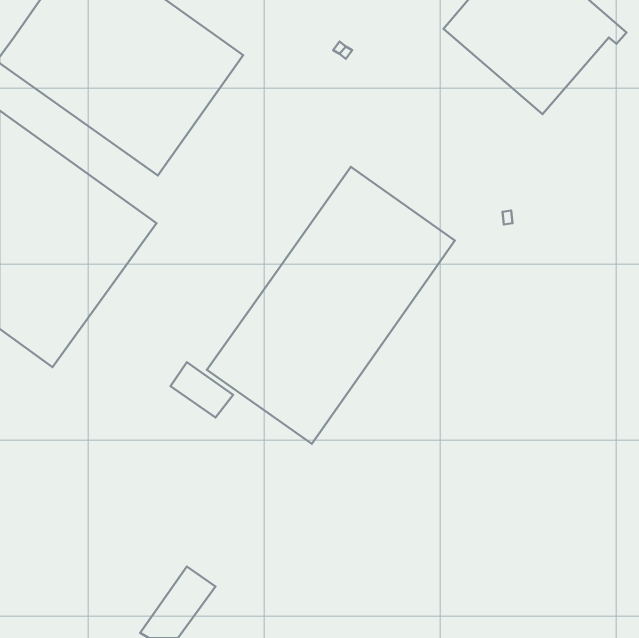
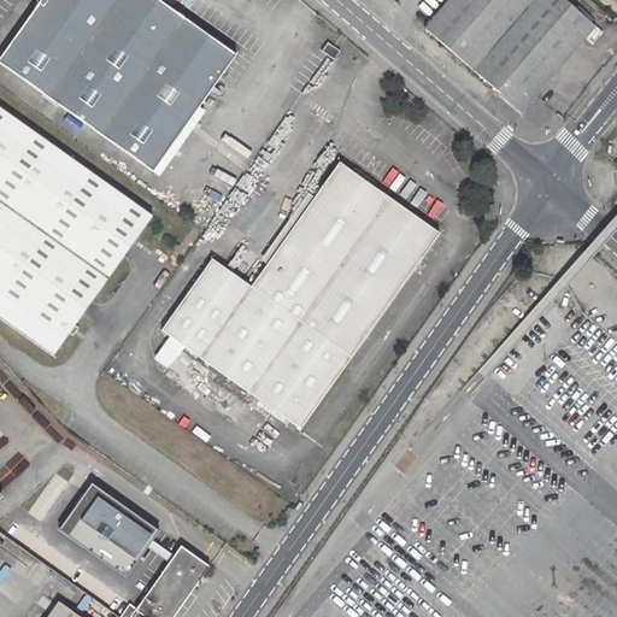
building: none -> [160,255,249,355]
building: none -> [58,482,158,575]

